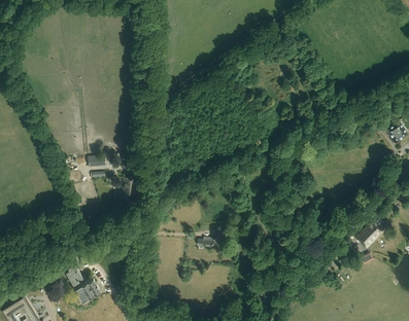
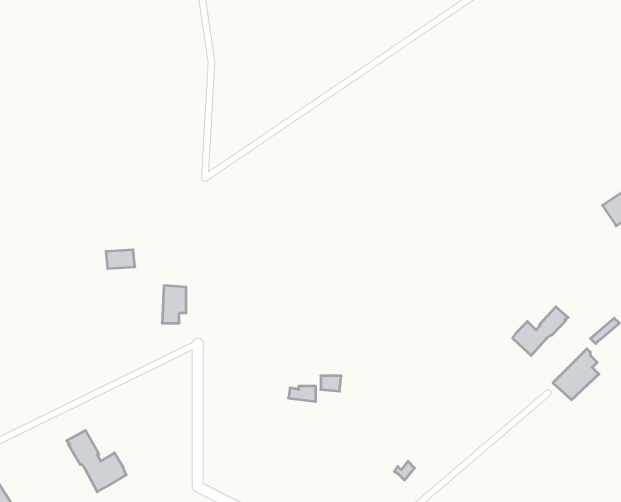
building: none -> [513,307,568,356]

